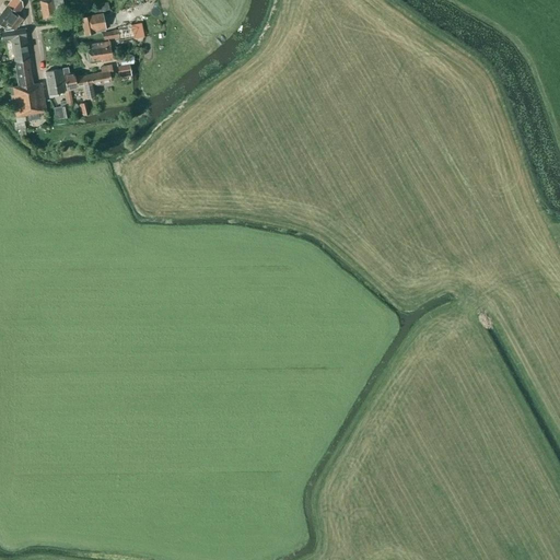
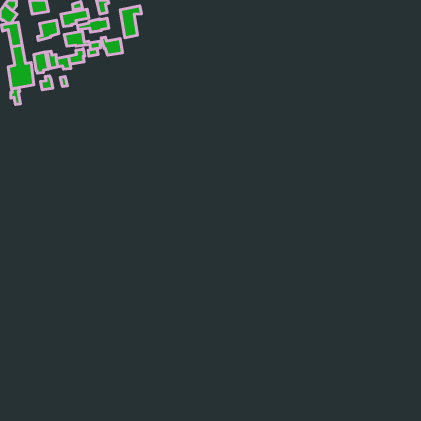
building: none -> [120,6,142,38]
building: none -> [38,20,59,40]
building: none -> [101,37,123,55]

